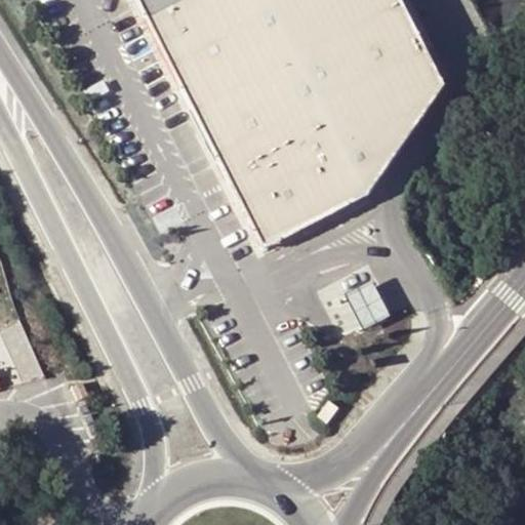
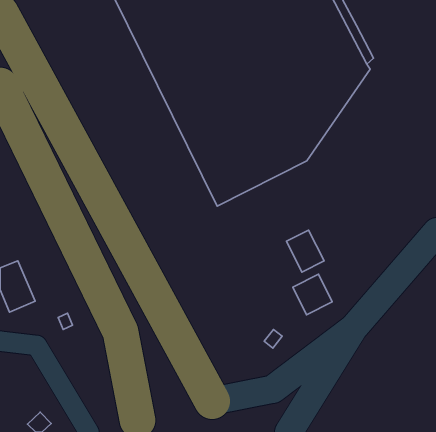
building: none -> [293,274,332,315]

